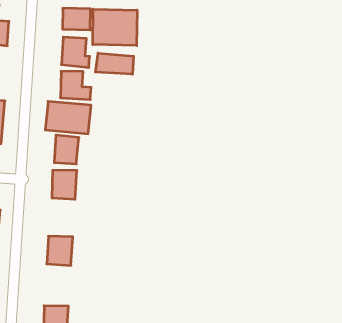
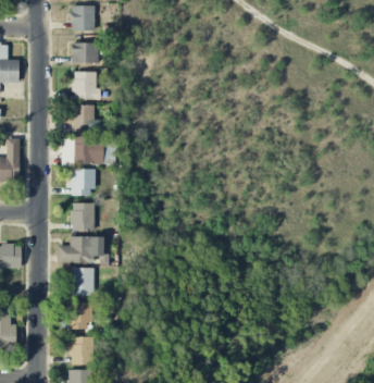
building: [93,9,137,46] -> none
building: [95,53,134,74] -> none
building: none -> [58,237,93,263]
building: none -> [66,302,91,330]

